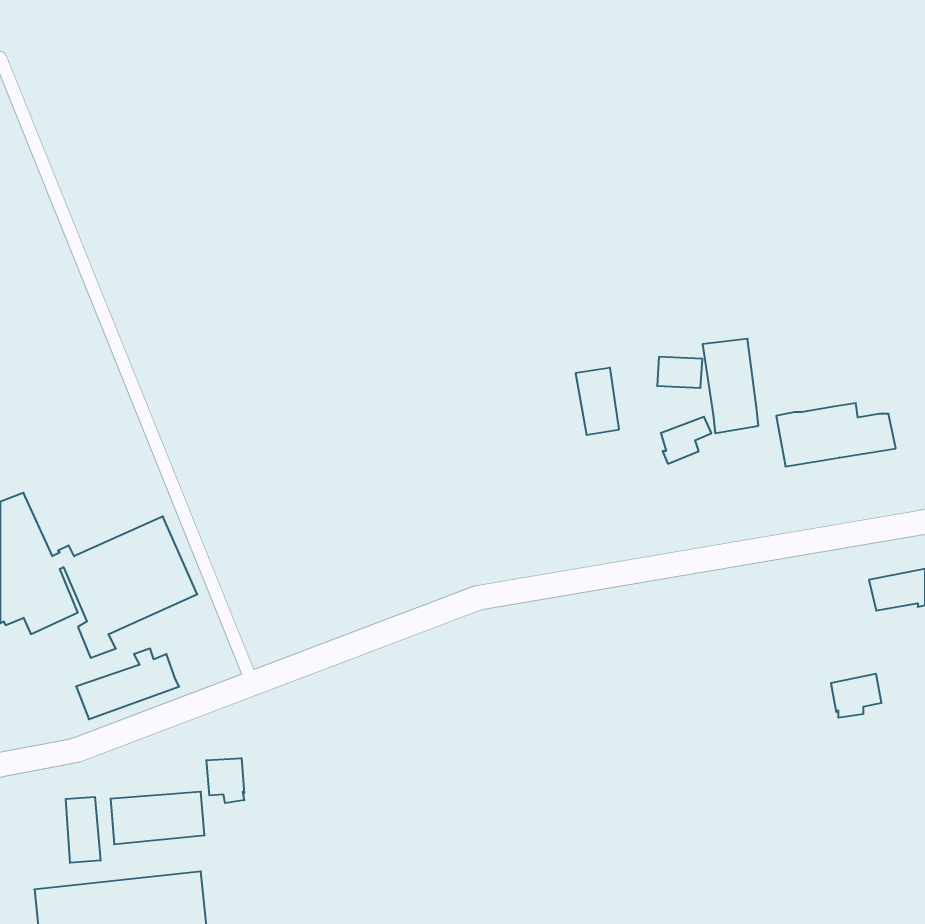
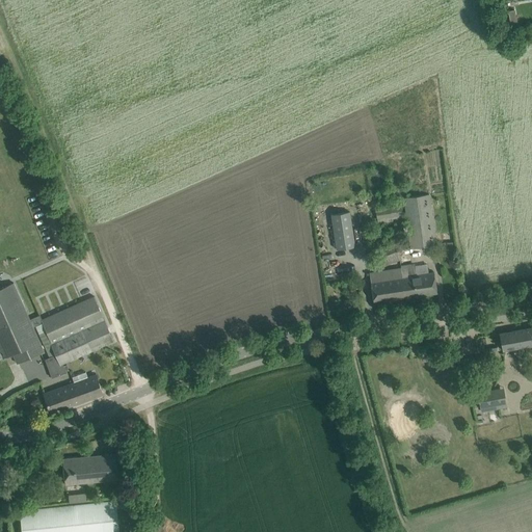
building: [776,403,896,466] -> [369,267,437,303]
building: [207,758,244,803] -> none
building: [66,797,101,863] -> none

